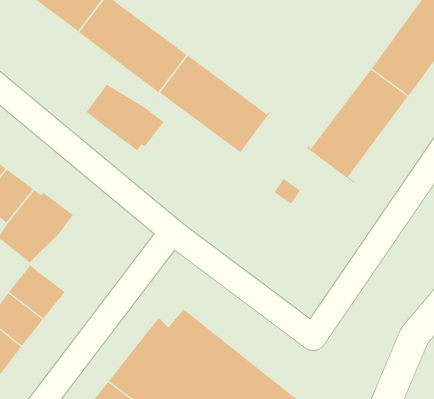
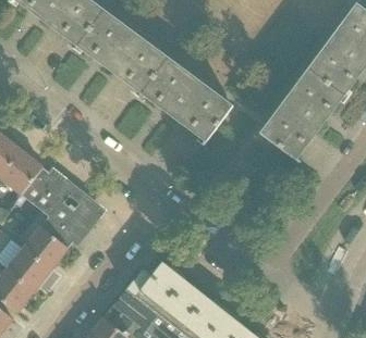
building: [86,84,164,151] -> none
building: none -> [40,201,94,248]

